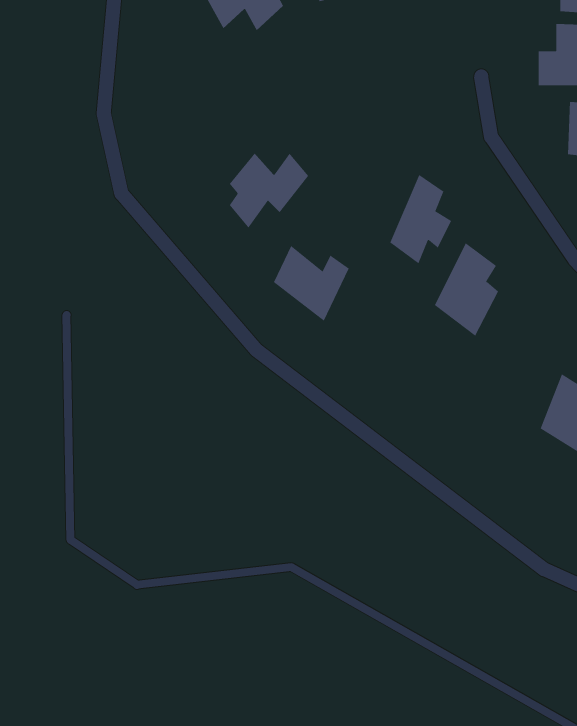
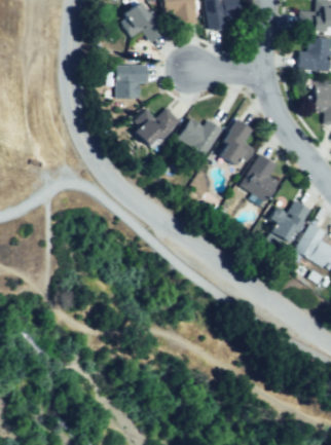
building: none -> [117,64,147,99]
building: [273,245,350,321] -> [179,115,219,155]
building: none -> [268,200,307,243]

